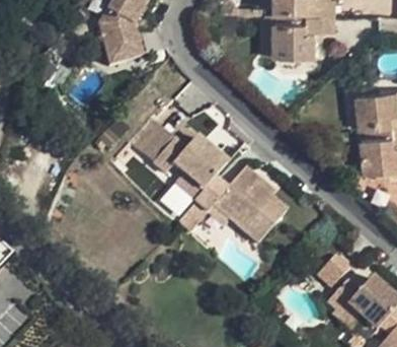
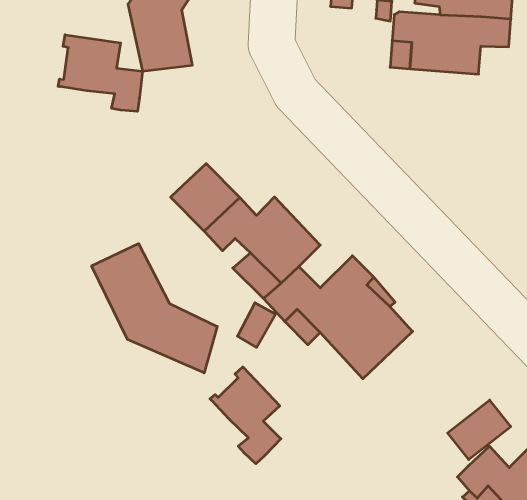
building: none -> [58,35,142,111]
building: none -> [92,244,217,373]
building: none -> [210,367,281,464]

